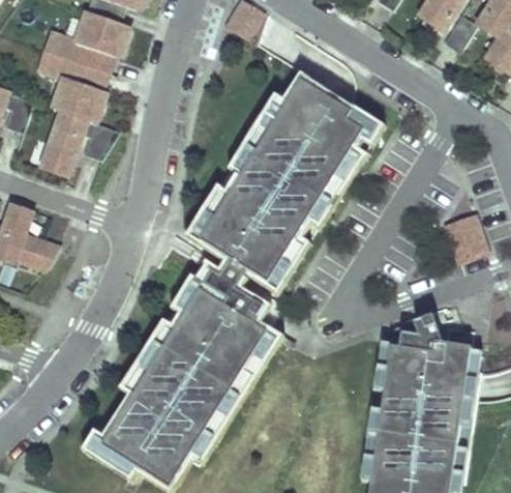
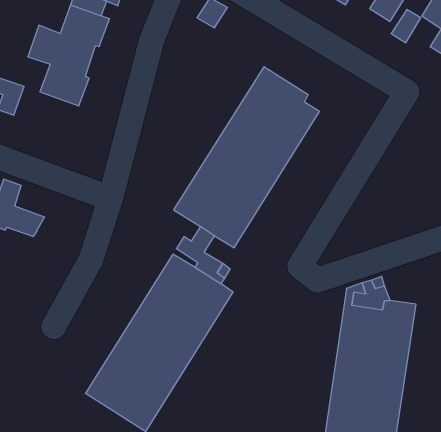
building: [40,110,119,174] -> none
building: [445,215,484,260] -> none

